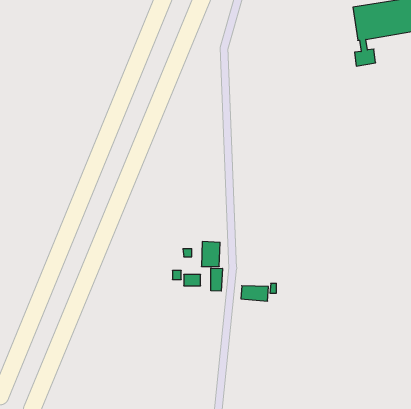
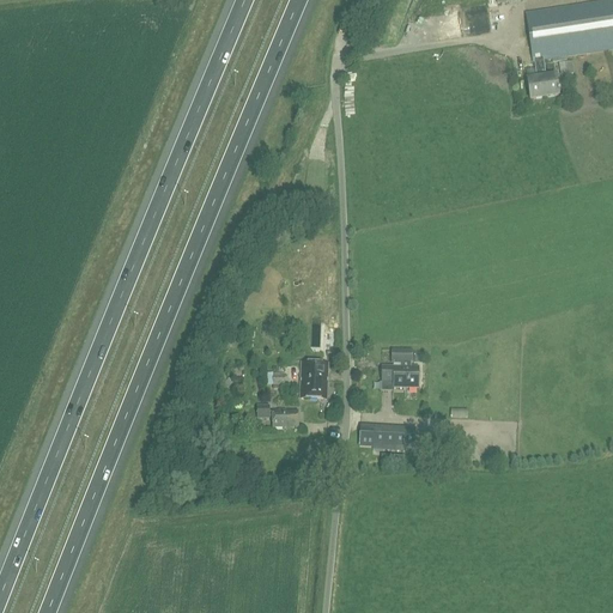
building: none -> [382,348,419,386]
building: [211,268,222,291] -> none

